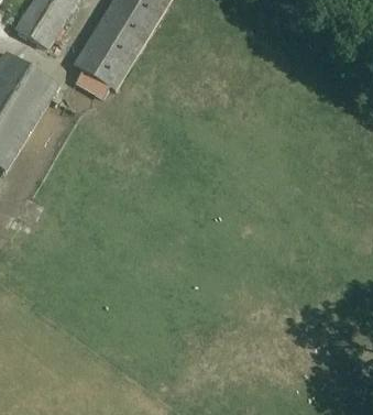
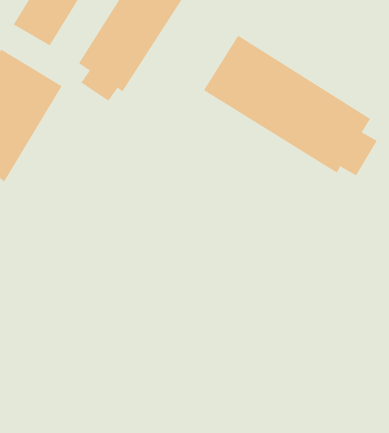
building: none -> [203,35,378,177]

